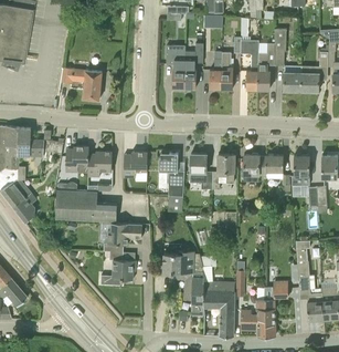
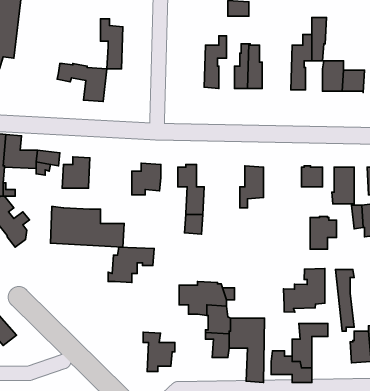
building: [241,40,259,90] -> none
building: [167,45,186,87] -> [100,19,123,69]
building: [87,147,113,177] -> none
building: [191,154,214,189] -> none
building: [244,154,266,182] -> [310,216,337,249]
building: none -> [284,269,325,312]
building: [109,251,136,284] -> [143,332,175,371]

